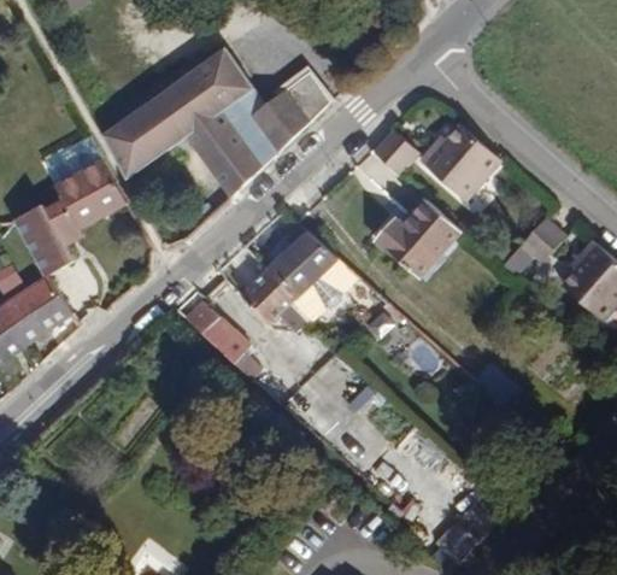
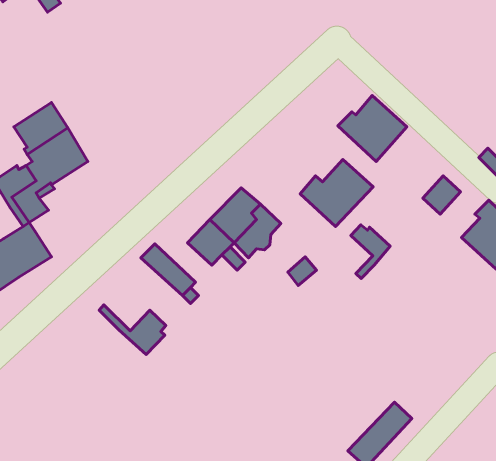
building: [107,51,329,209] -> none
building: [370,123,418,171] -> none
building: none -> [351,225,390,279]
building: none -> [99,305,166,355]

